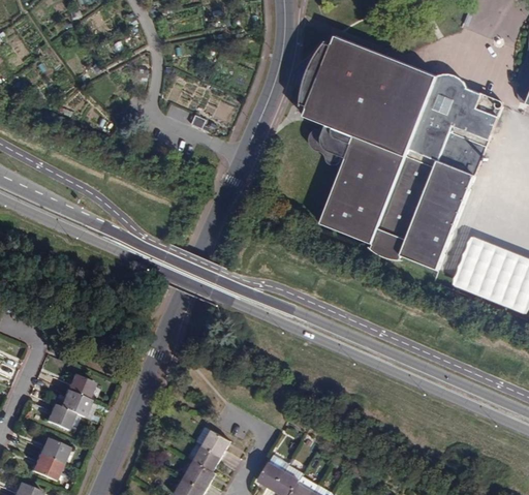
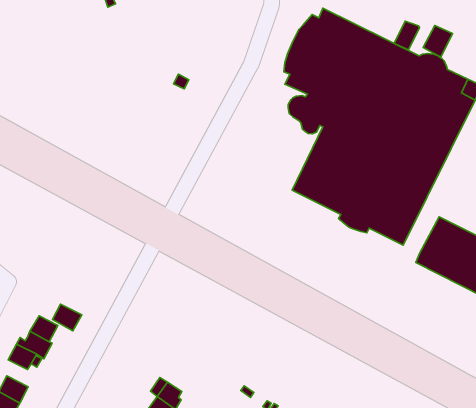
building: none -> [394,21,420,50]
building: none -> [423,26,452,57]
building: none -> [52,304,82,331]

